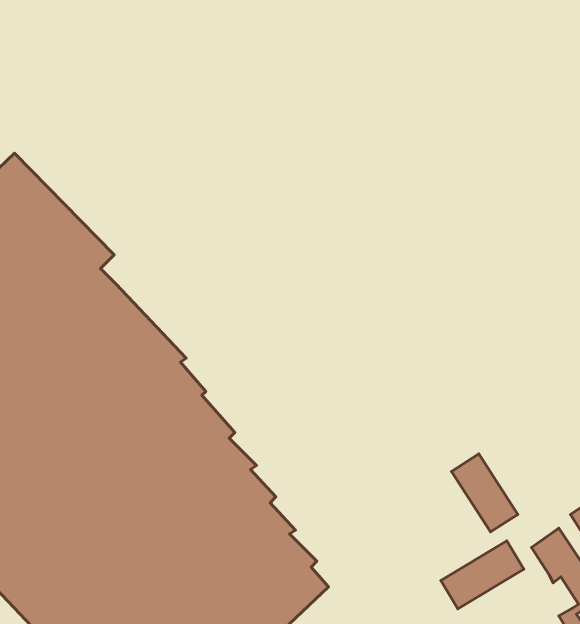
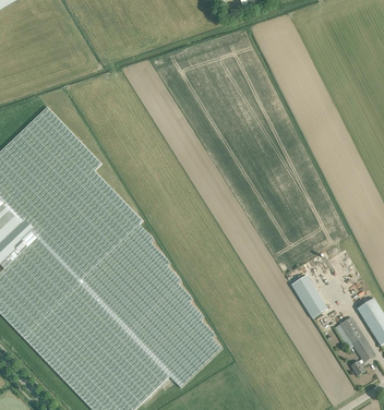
building: [441,541,524,609] -> none

